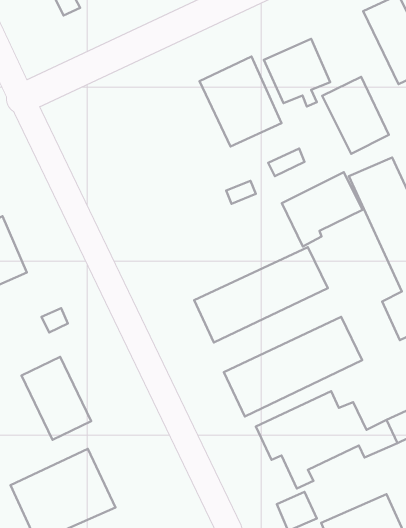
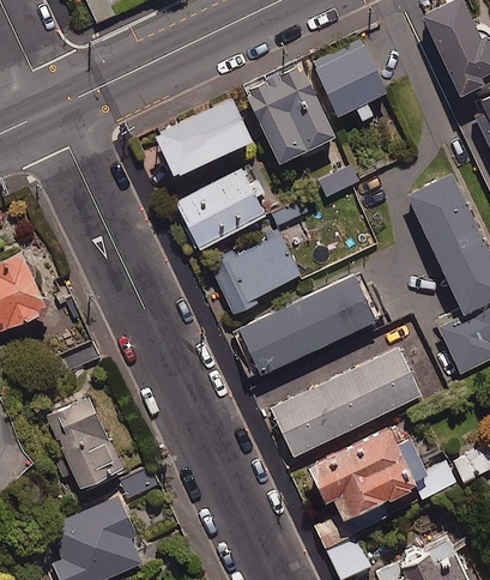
building: [322,77,389,154] -> none
building: none -> [153,99,248,177]
building: none -> [174,169,264,249]
building: [282,172,363,247] -> [213,234,301,314]

